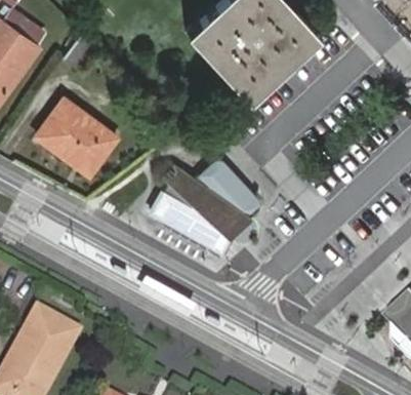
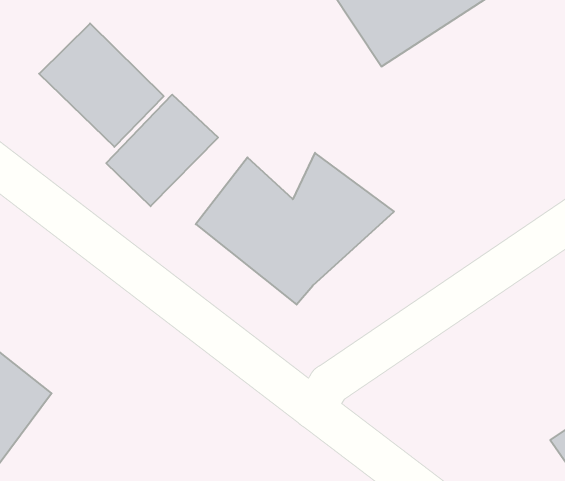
building: none -> [106,95,218,206]

